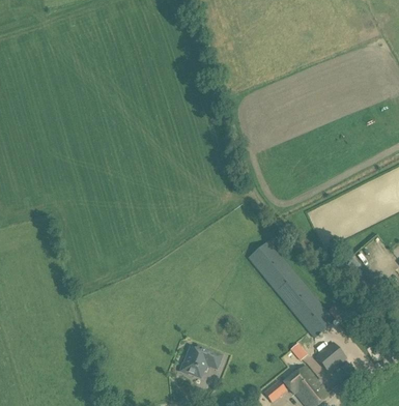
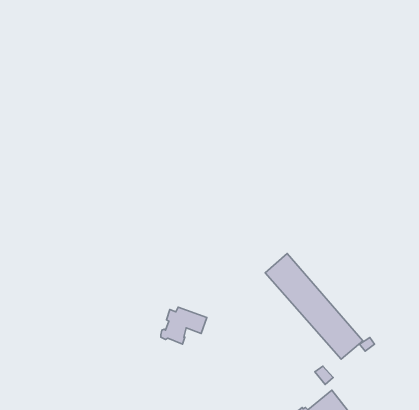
building: [316,342,348,373] -> none
building: [181,344,223,377] -> [161,307,207,344]

